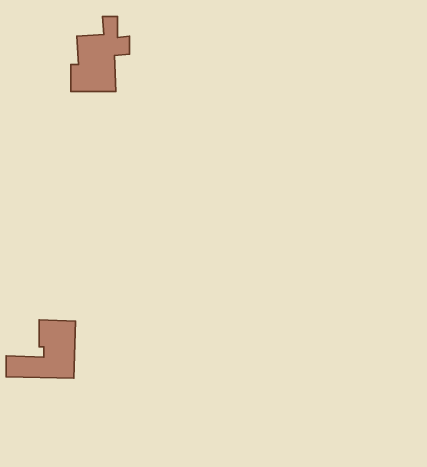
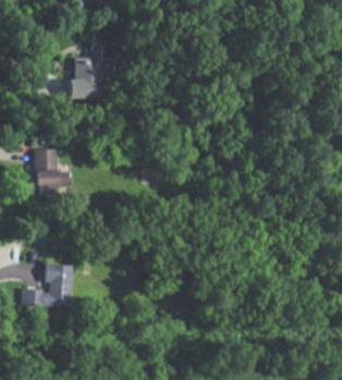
building: none -> [35,148,69,194]

